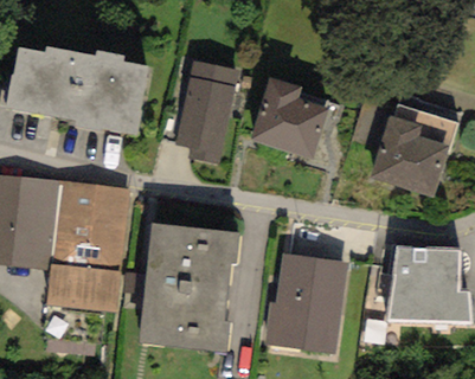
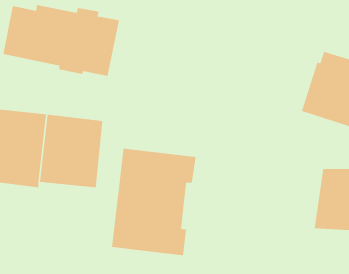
building: [174,60,239,165] -> none
building: [249,77,327,159] -> none
building: [262,252,347,353] -> none
building: [45,263,120,311] -> none

